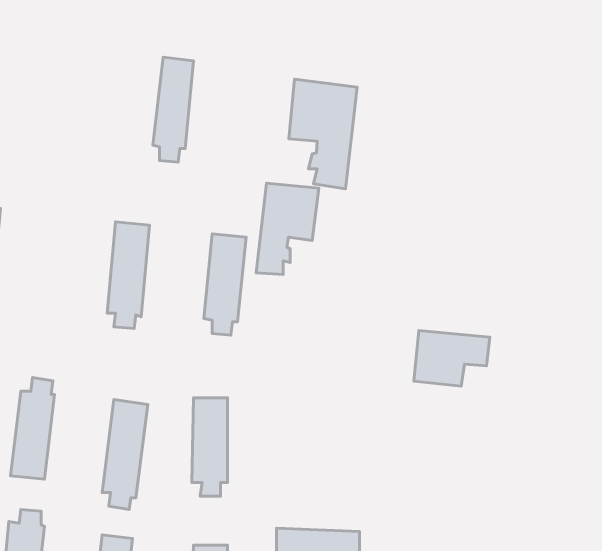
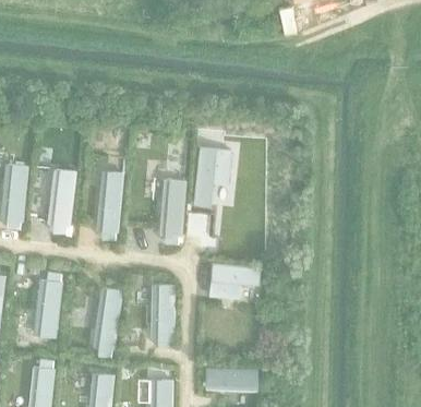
building: [153,57,194,162] -> [47,167,73,235]
building: [289,79,357,189] -> none
building: [414,330,490,386] -> [208,263,257,299]

